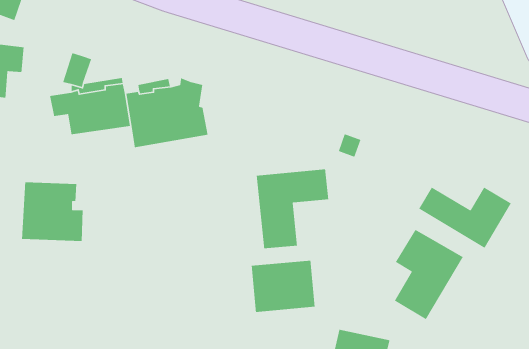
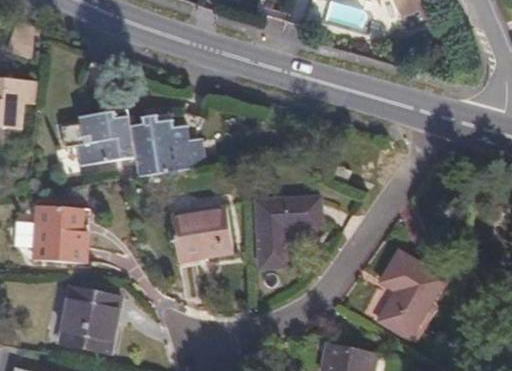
building: [418,186,512,249] -> none
building: [251,260,315,313] -> [172,212,232,261]
building: none -> [60,290,113,352]

